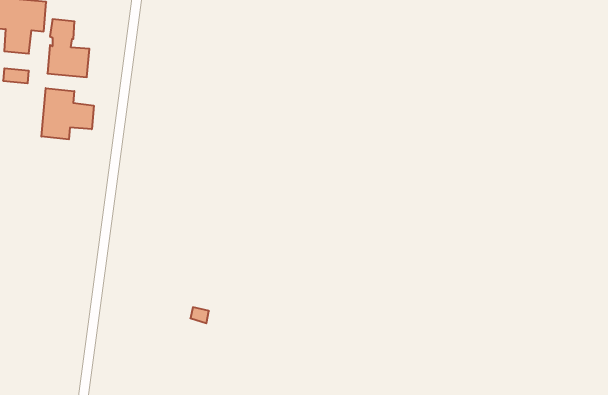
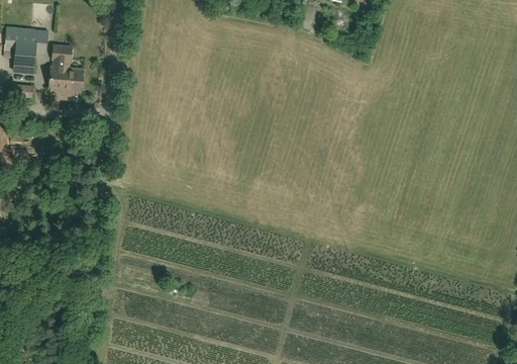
building: [41,88,94,139] -> none

